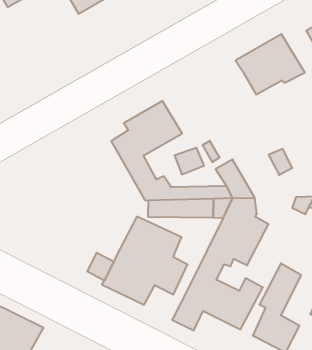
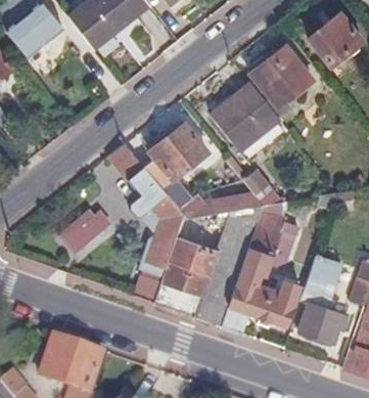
building: none -> [214,84,281,151]
building: none -> [106,143,181,273]
building: none -> [57,210,108,251]

